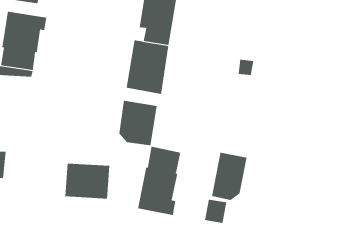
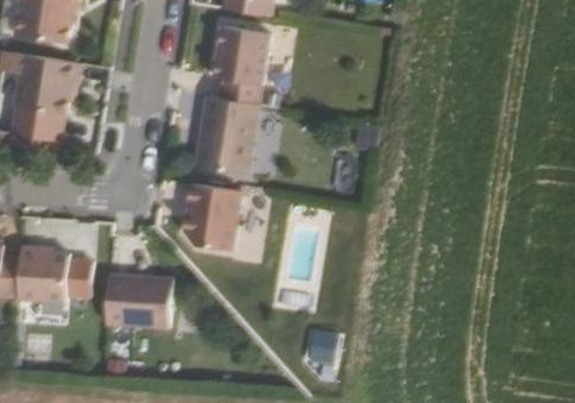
building: [138,146,181,216] -> none
building: none -> [17,251,90,301]
building: [212,152,247,201] -> none

